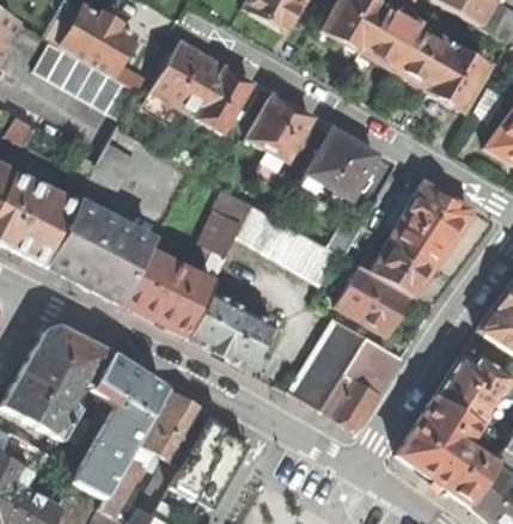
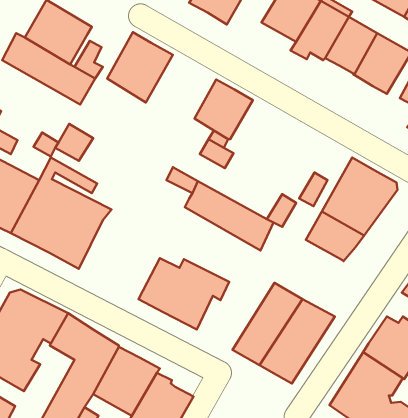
building: [195,66,254,134] -> none
building: [301,128,378,199] -> none
building: [121,211,243,336] -> none
building: [337,264,413,335] -> none

